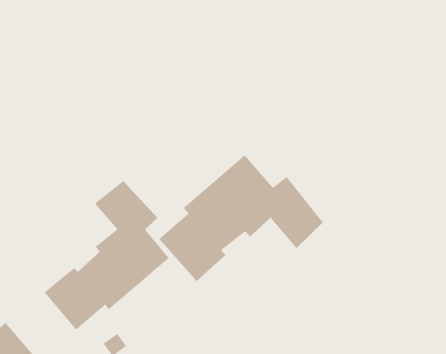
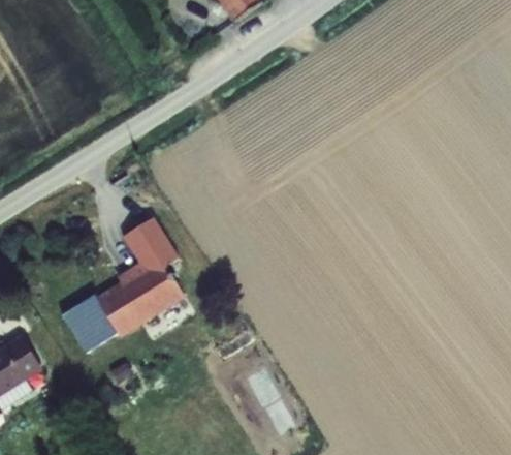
building: [158,155,324,282] -> none

